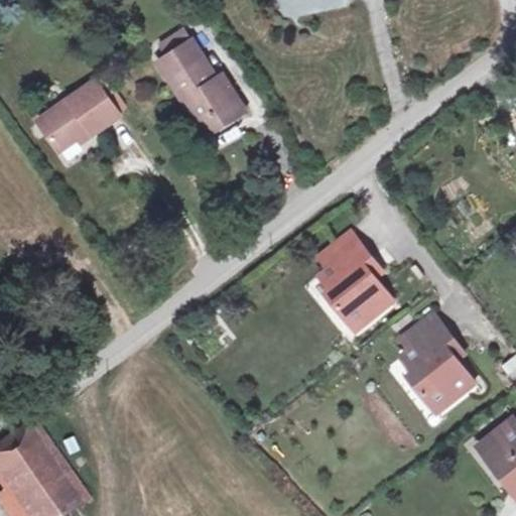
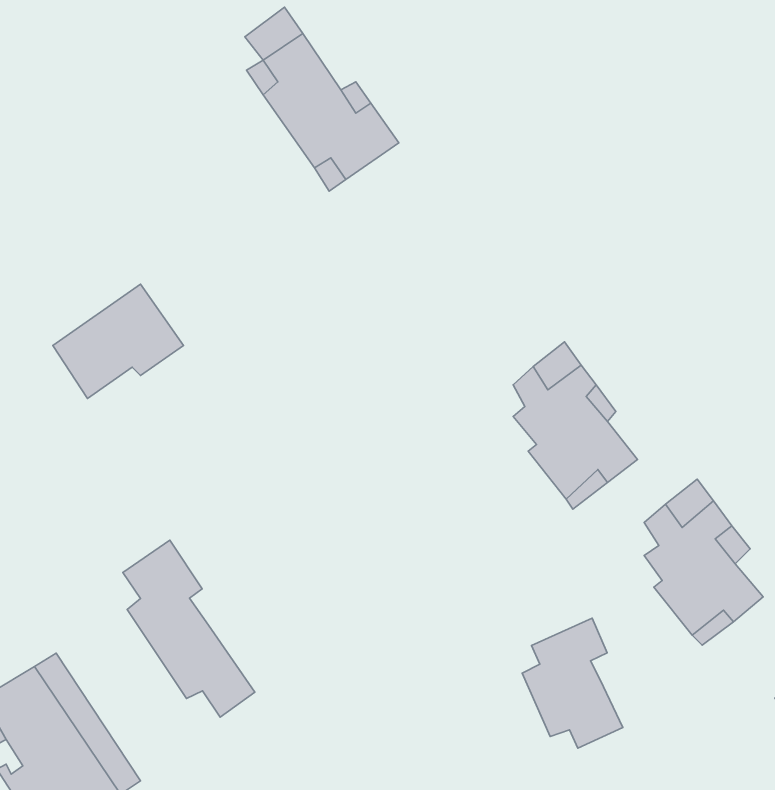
building: [33,83,113,152] -> [53,284,184,399]
building: none -> [123,540,255,717]
building: none -> [522,618,623,748]

